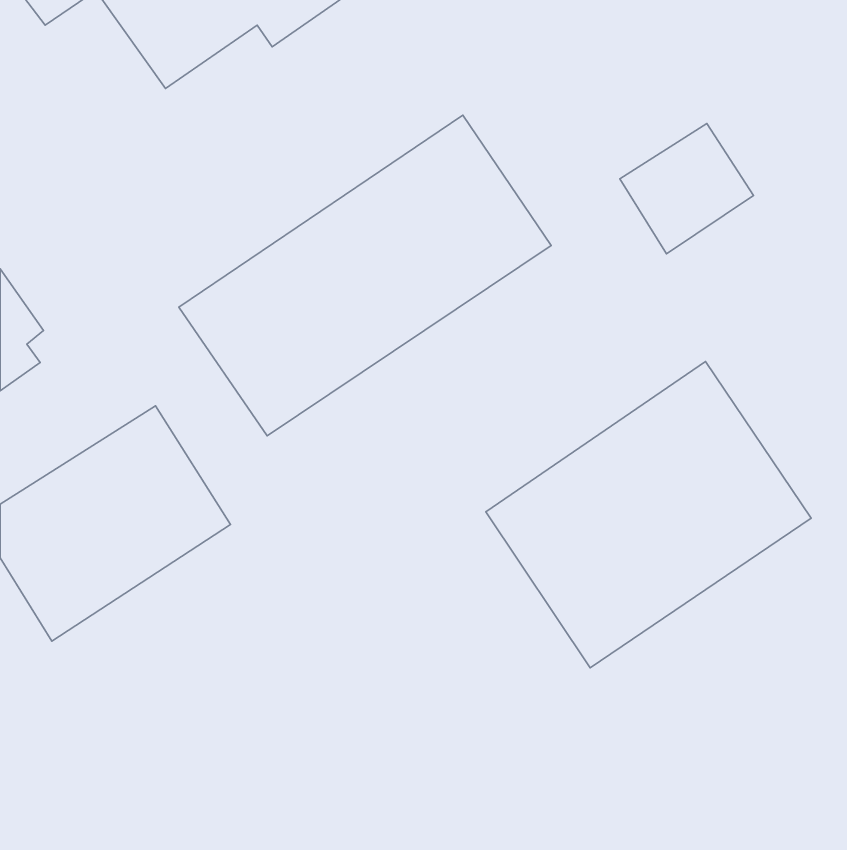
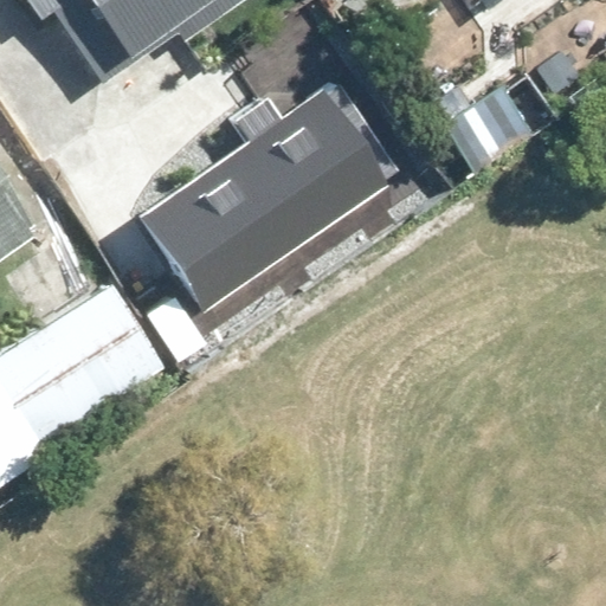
building: [486,361,811,668] -> none

